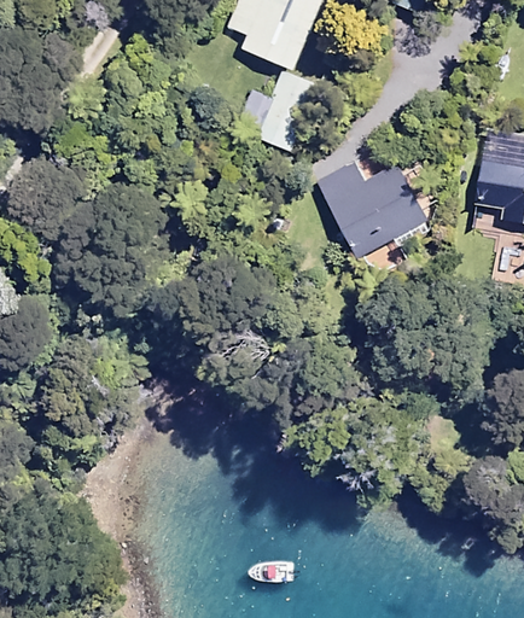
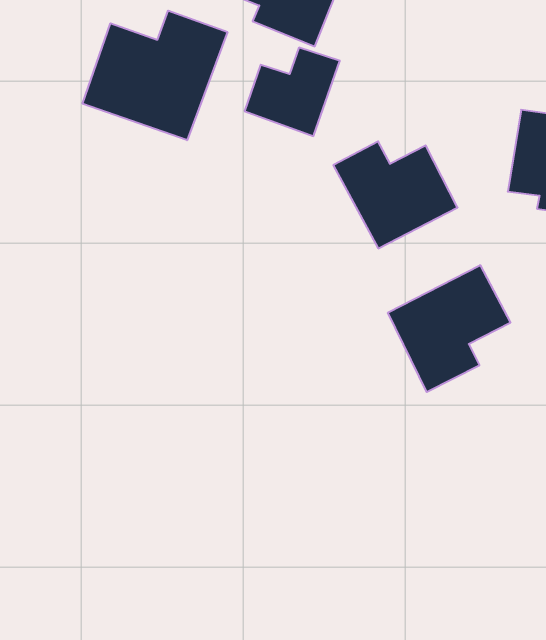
building: none -> [83,11,227,140]
building: none -> [388,265,510,392]

